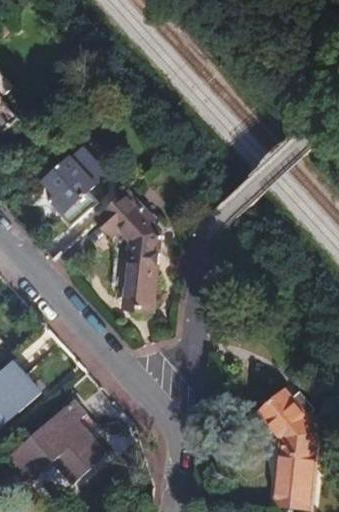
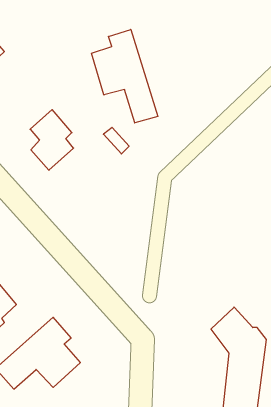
building: none -> [91,29,158,123]
building: [97,187,164,314] -> none

